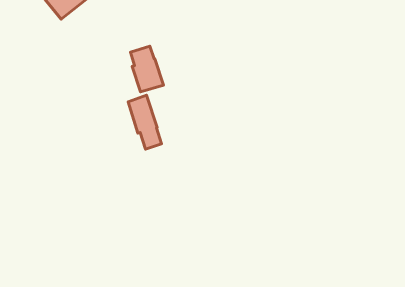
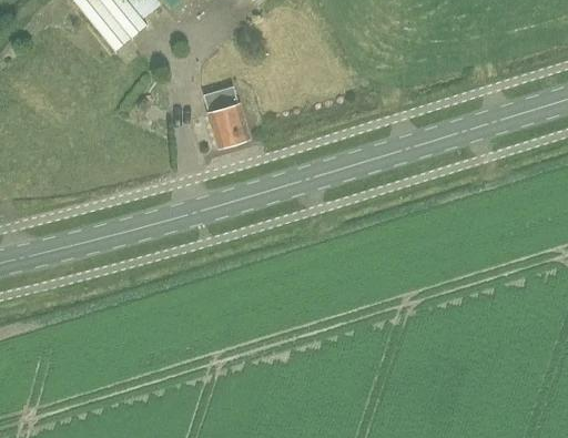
building: [128,95,161,149] -> none

